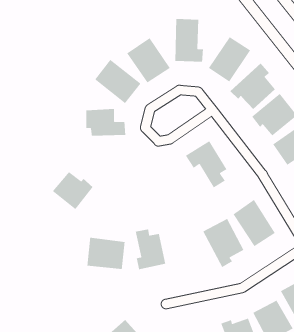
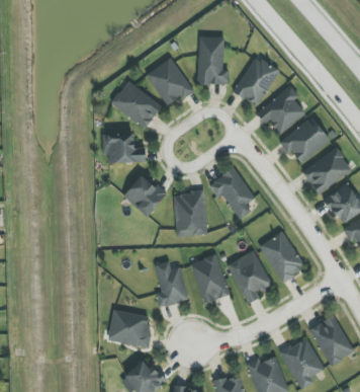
building: none -> [174,191,206,236]
building: [52,171,93,210] -> [122,175,167,217]
building: none -> [190,254,230,304]
building: [87,237,125,270] -> [109,310,151,345]

